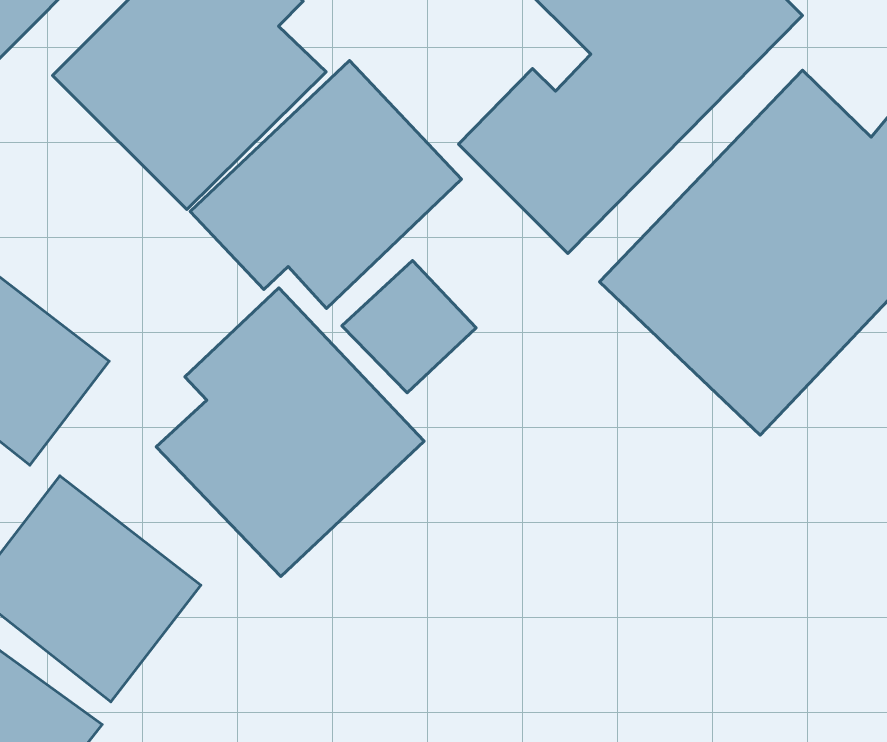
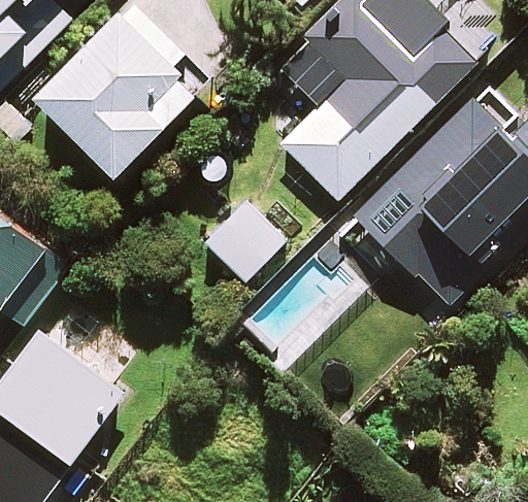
building: [190,61,462,309] -> none
building: [156,288,424,577] -> none

